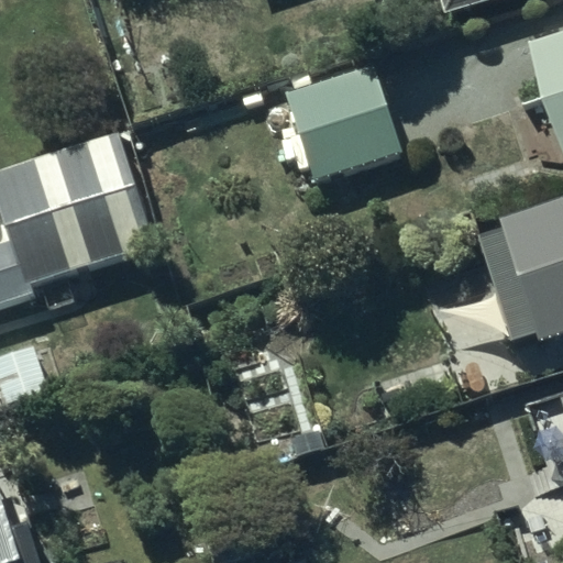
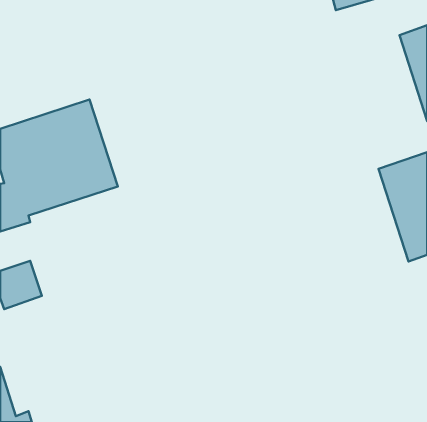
building: [284,65,400,181] -> none

